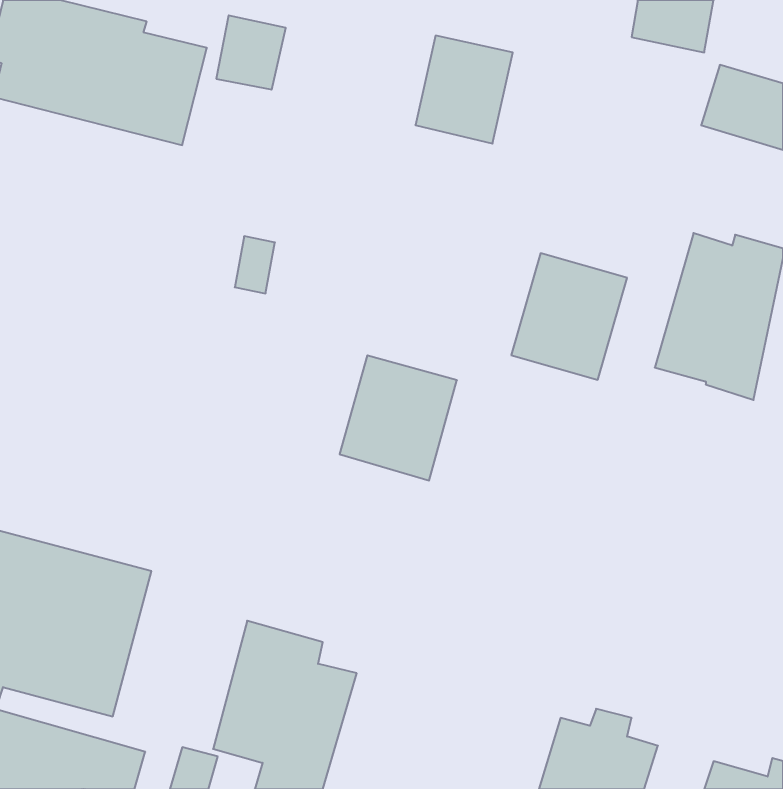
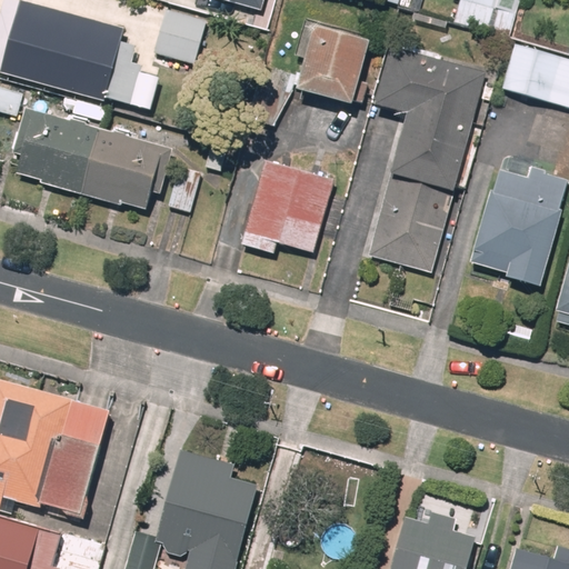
building: none -> [375,48,483,188]
building: none -> [8,107,167,211]
building: [340,355,457,481] -> [246,162,330,252]

